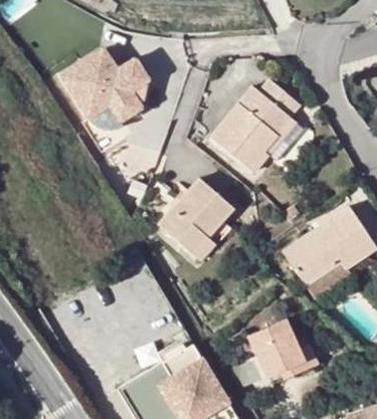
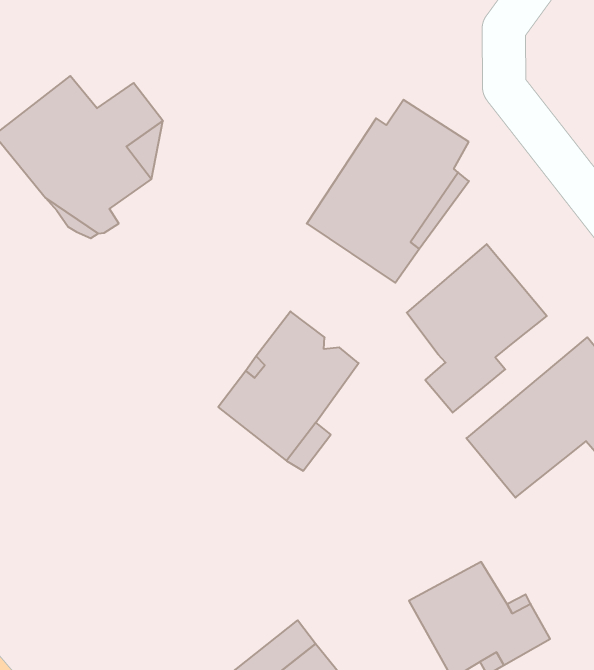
building: none -> [407,244,547,413]

